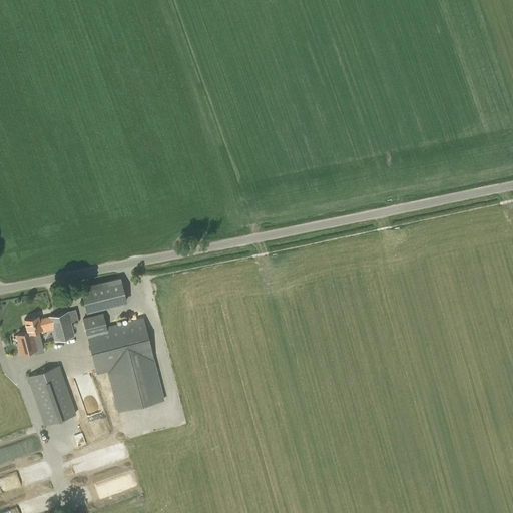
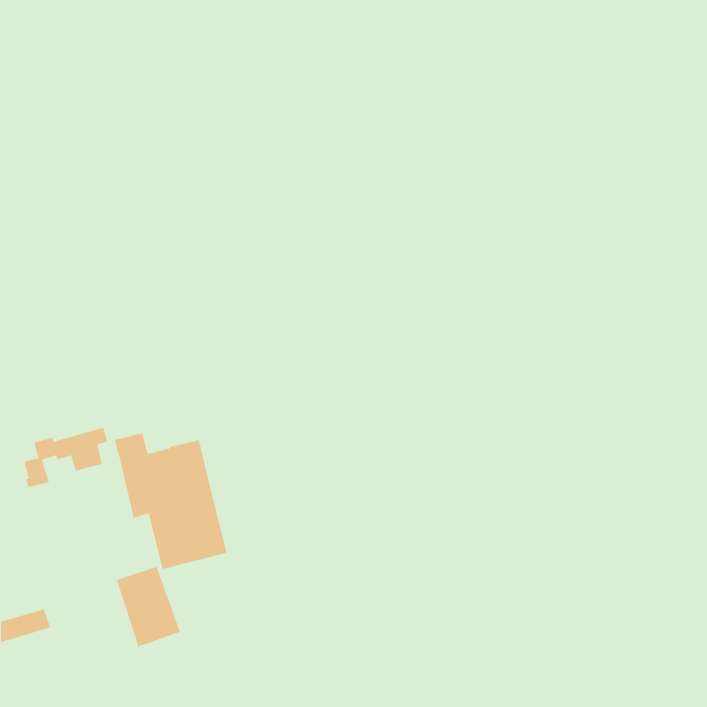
building: [70,279,127,312] -> none
building: [29,368,76,427] -> [116,566,181,648]

